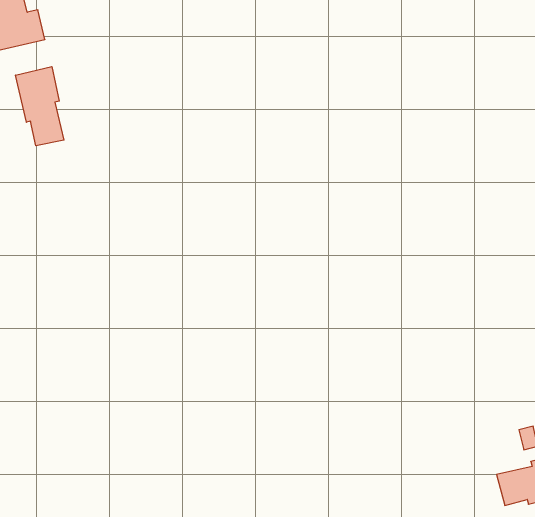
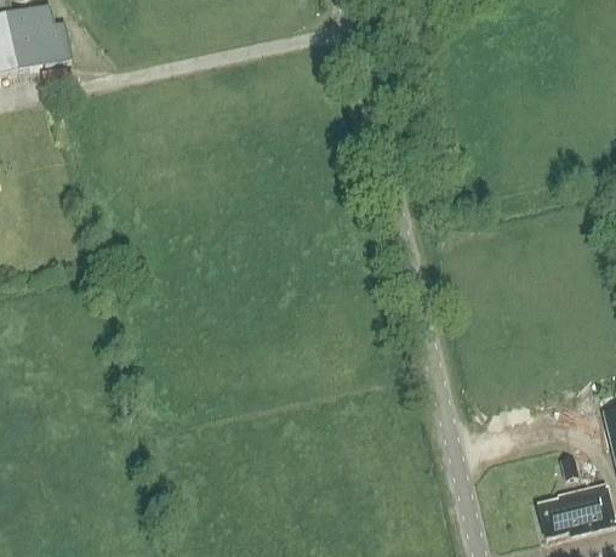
building: [16,67,64,146] -> none

